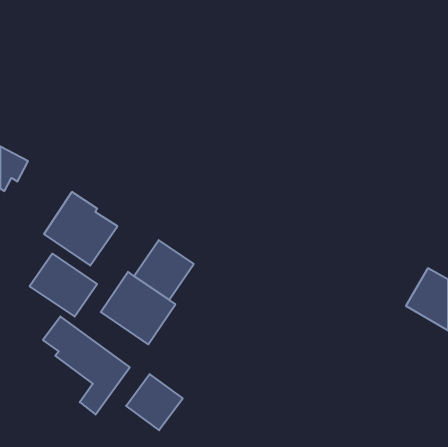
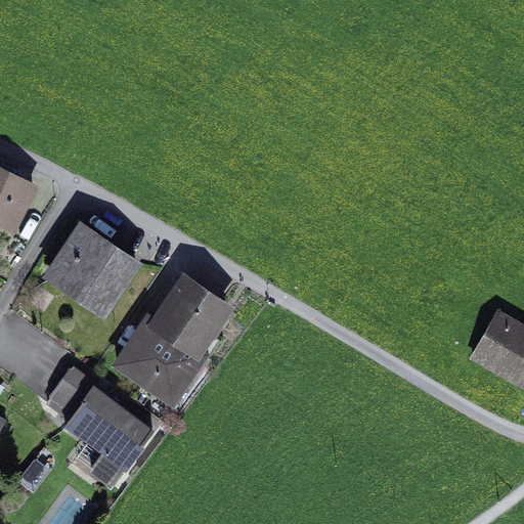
building: [30,254,97,317] -> none
building: [126,374,183,430] -> none

